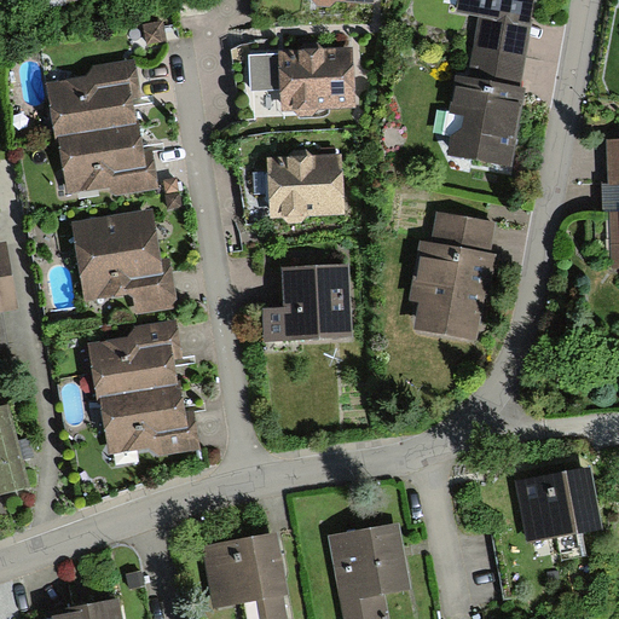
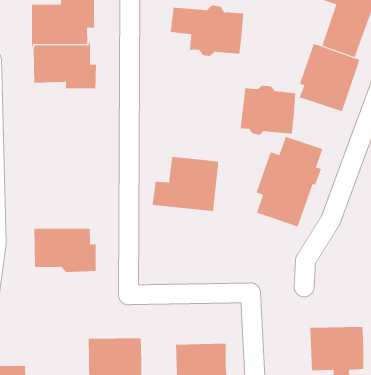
building: [267,149,346,221] -> [240,85,296,135]
building: [69,209,177,316] -> none
building: [87,323,181,400] -> none

